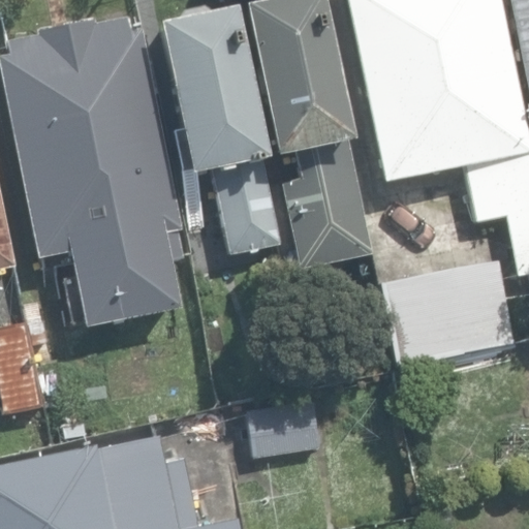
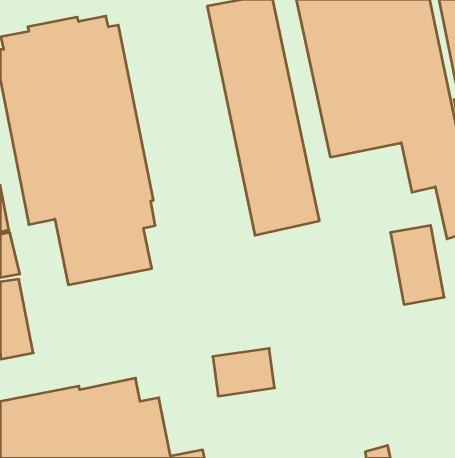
building: [158,7,285,271] -> none
building: [381,268,469,365] -> none

